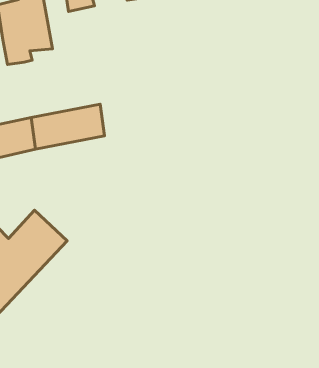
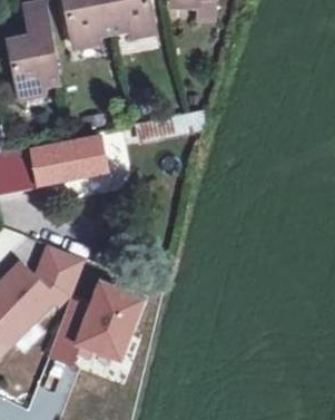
building: none -> [33,280,132,368]

